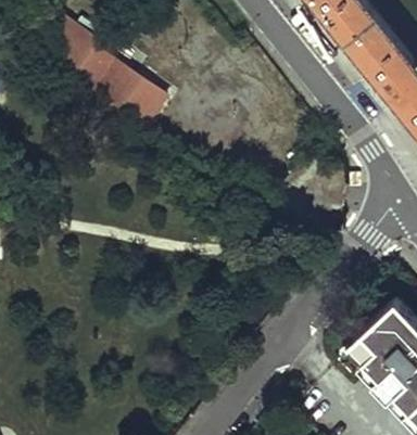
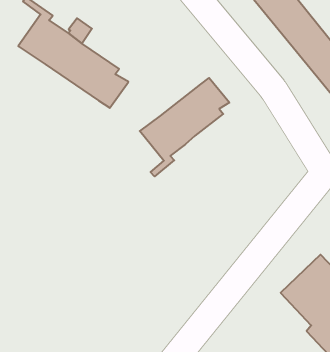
building: none -> [140,78,229,176]

